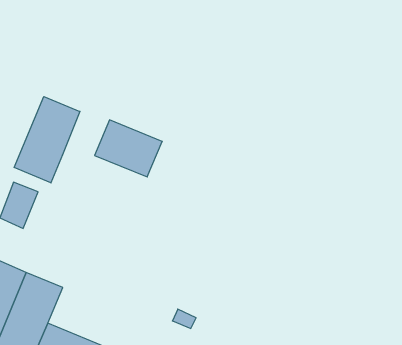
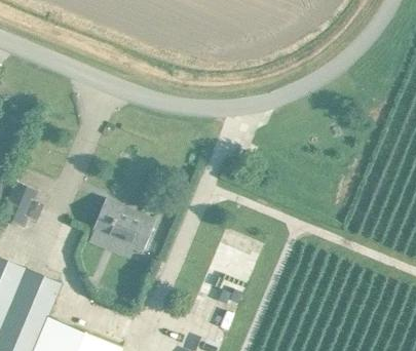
building: [14,97,80,183] -> none
building: [95,120,162,177] -> [90,199,155,254]

